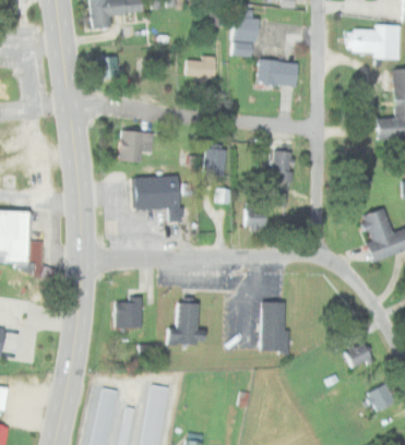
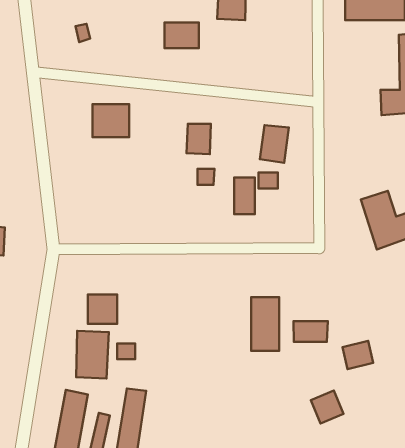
building: [257,60,298,86] -> none
building: [132,178,180,221] -> none
building: [172,302,202,345] -> [76,331,109,378]
building: none -> [293,321,328,342]
building: [366,383,395,412] -> [311,391,344,423]

